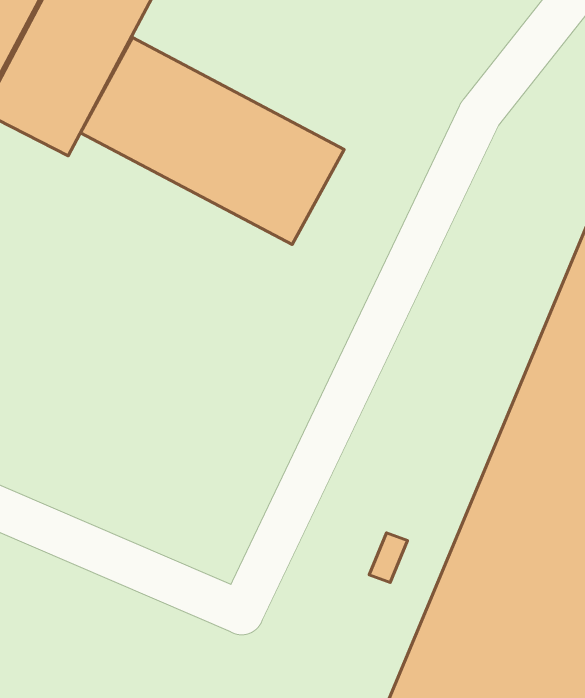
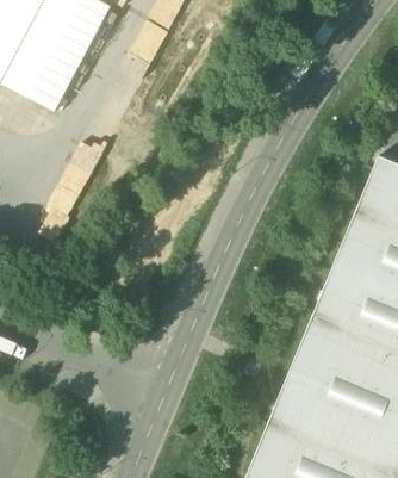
building: [80,38,344,245] -> none

